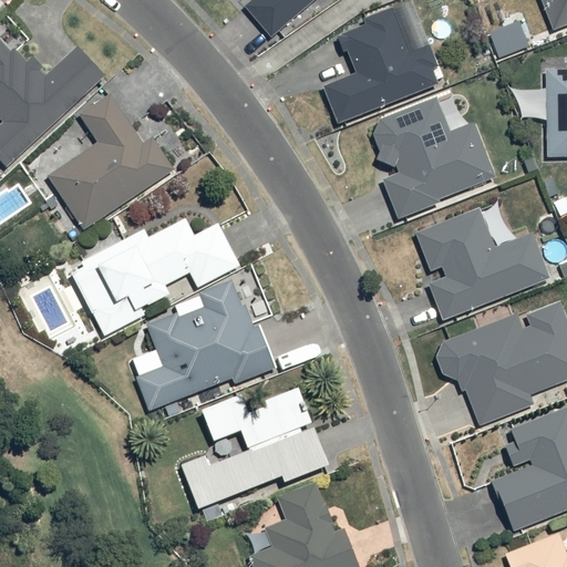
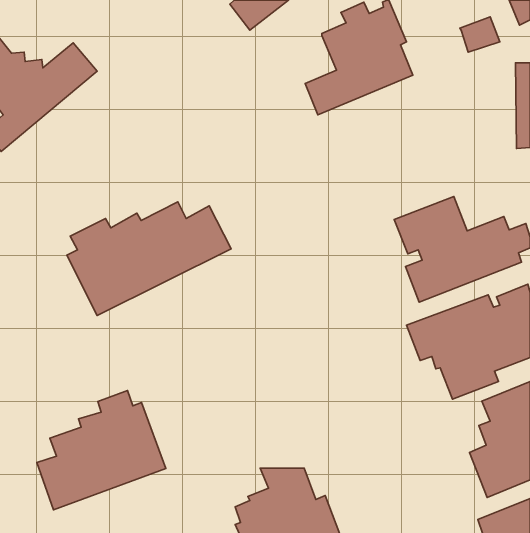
building: [49,94,174,227] -> none
building: [371,94,497,218] -> none
building: [135,281,280,412] -> none
building: [182,385,332,508] -> none
building: none -> [37,390,166,510]

